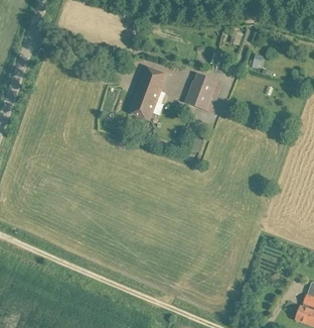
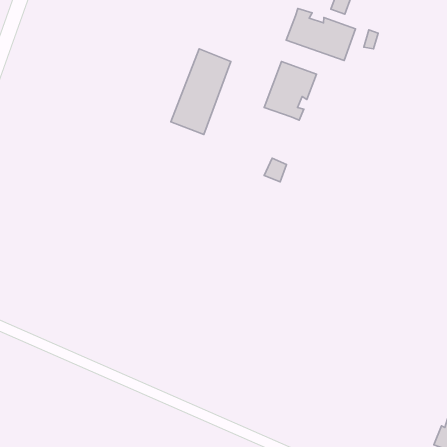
building: none -> [286,8,356,60]

